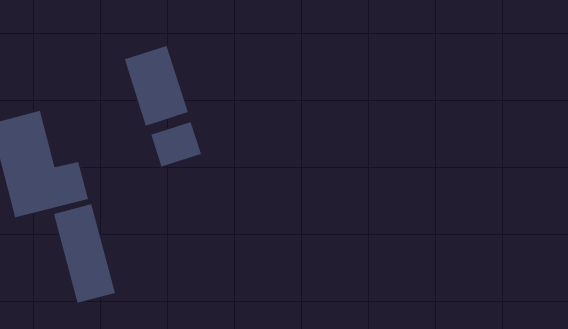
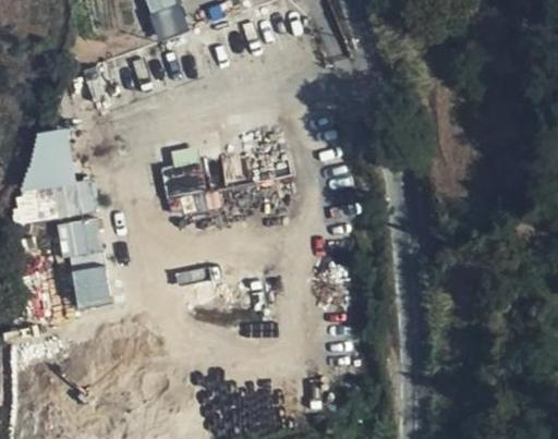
building: [124,45,189,126] -> none

